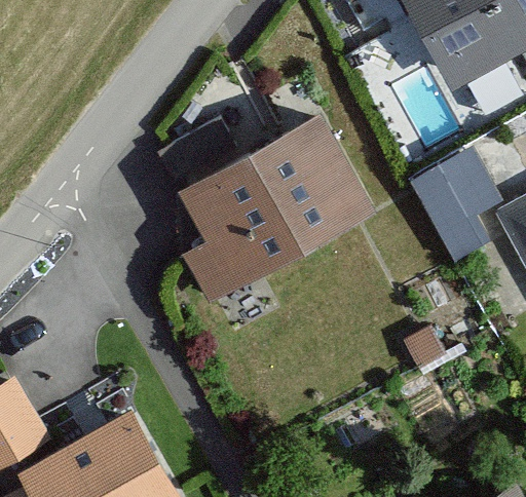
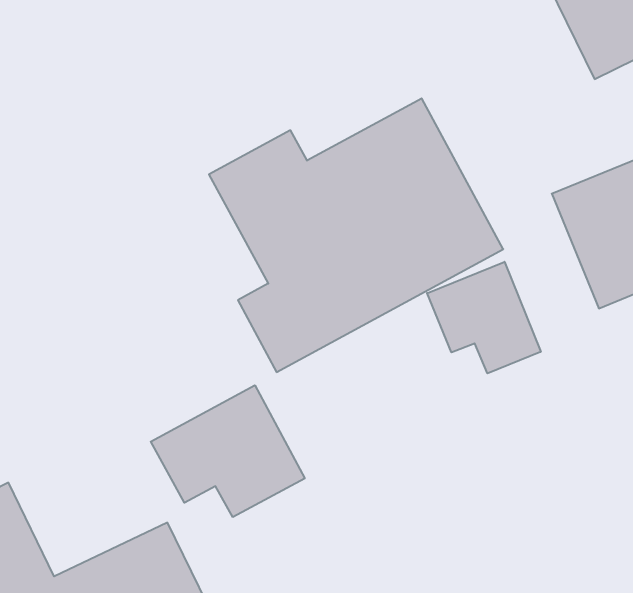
building: none -> [427,262,541,373]
building: none -> [151,385,305,517]

